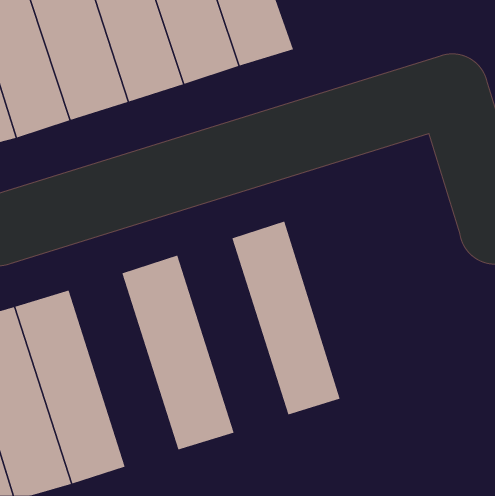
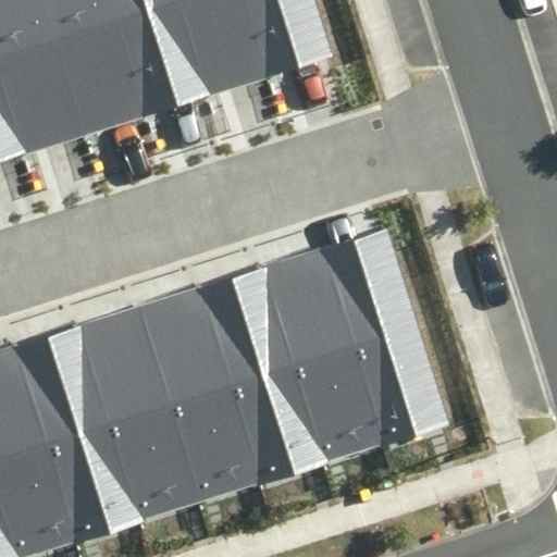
building: none -> [319,226,447,446]
building: none -> [199,267,322,484]
building: none -> [77,306,199,522]

